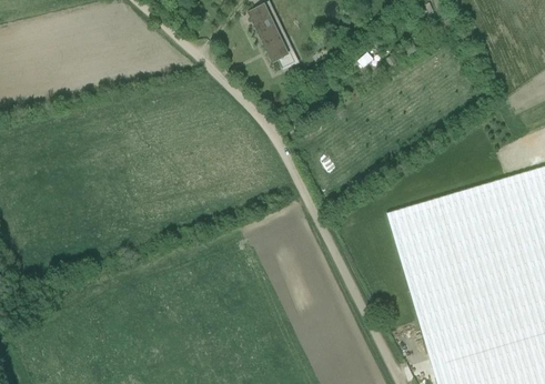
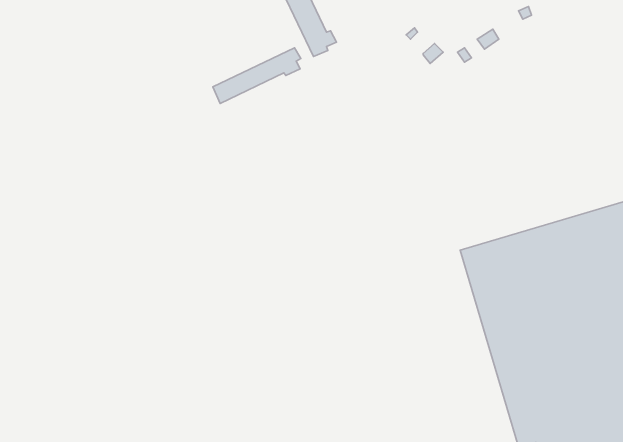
building: none -> [213,48,301,103]

